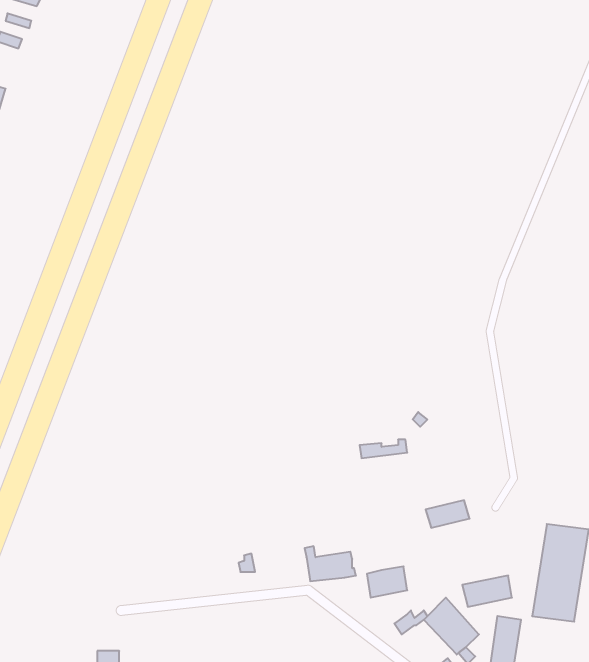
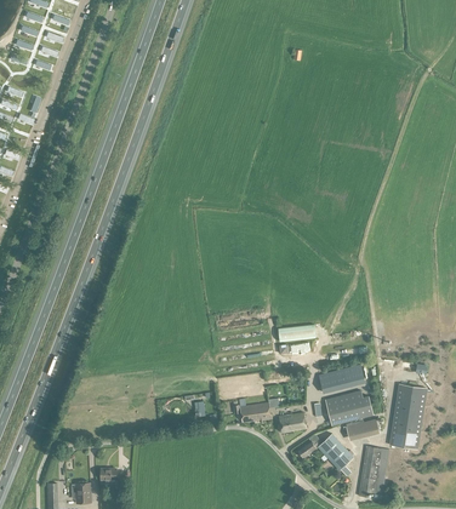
building: none -> [324,389,371,424]

